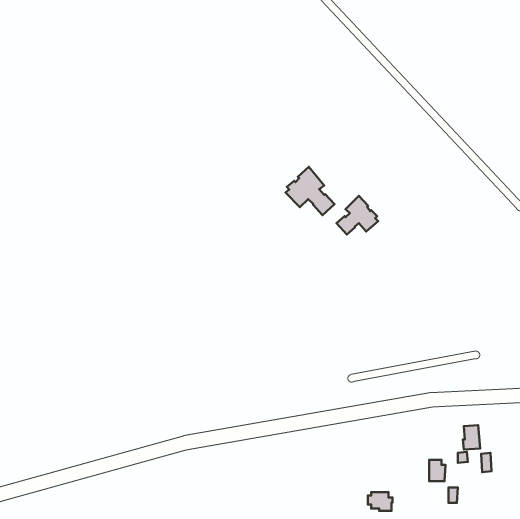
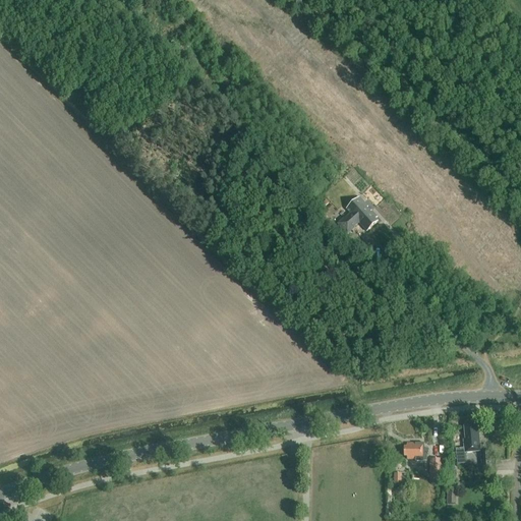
building: [286,167,335,215] -> none
building: [368,492,392,511] -> [403,443,427,461]

